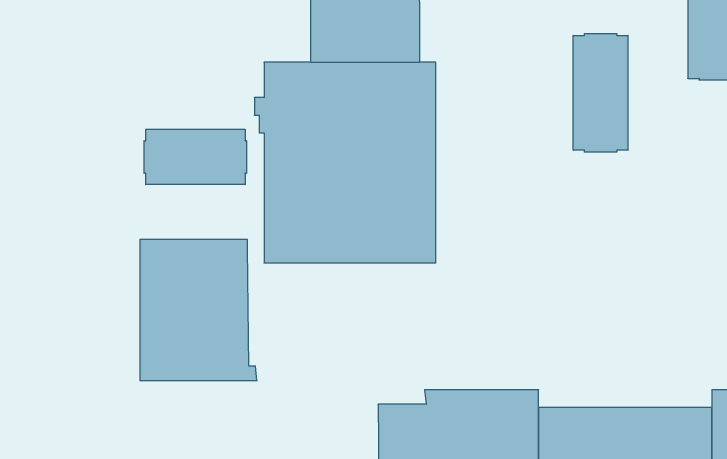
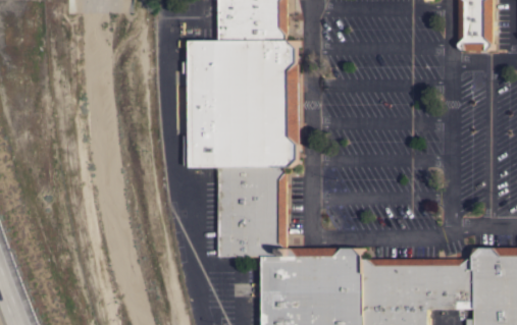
building: [573,34,628,152] -> none
building: [144,129,247,185] -> none
building: [140,239,257,381] -> [216,168,291,258]

